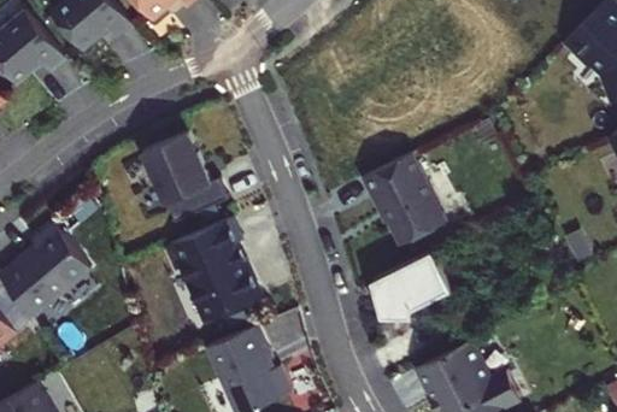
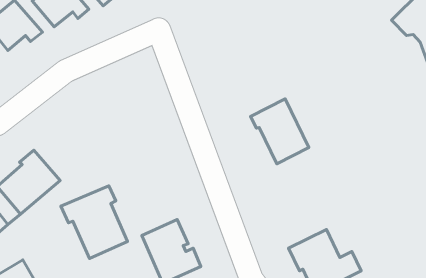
building: [142,133,228,224] -> none
building: [165,218,260,322] -> [61,186,128,258]
building: [372,251,452,318] -> none

